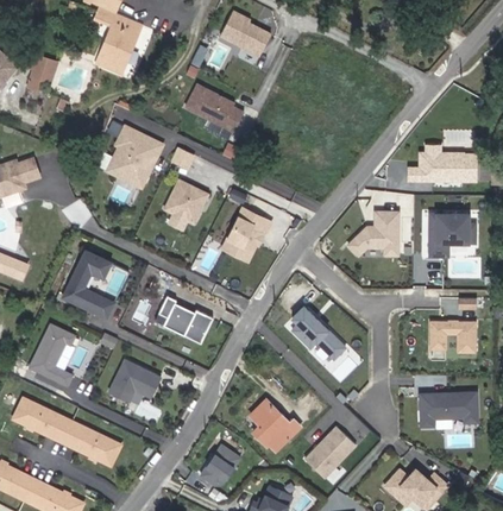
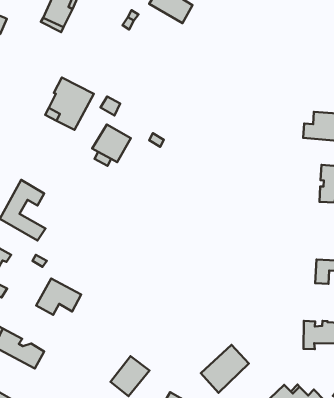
building: [184,86,244,132] -> none
building: [221,206,270,259] -> none
building: [344,210,397,259] -> none
building: [155,297,212,343] -> none
building: [289,305,346,361] -> none
building: [250,399,301,453] -> none

